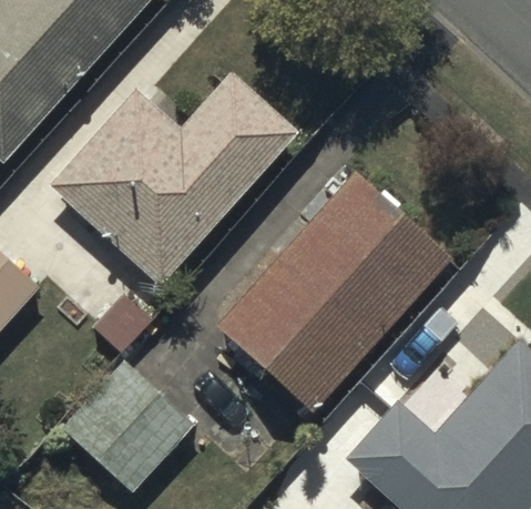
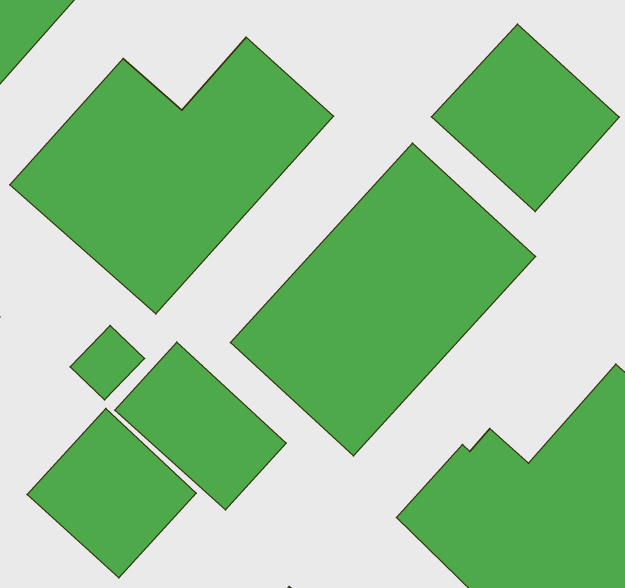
building: none -> [432,24,619,212]
building: none -> [115,342,286,510]

